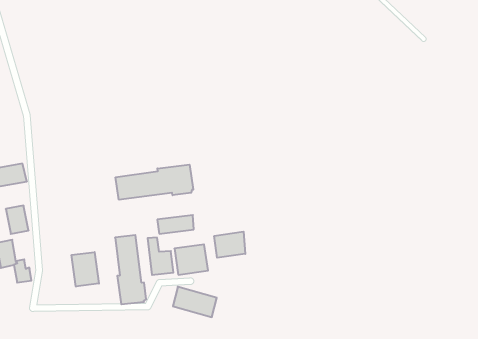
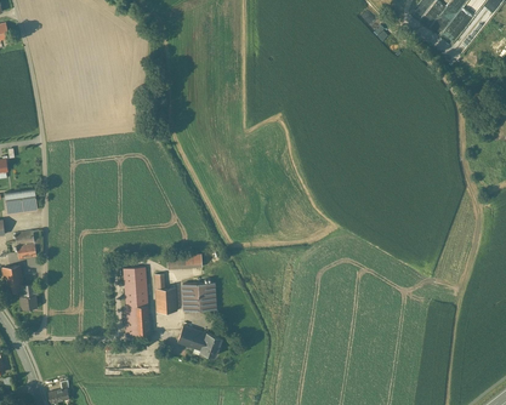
building: [116,165,193,200] -> none
building: [214,232,245,258] -> none
building: [72,252,99,287] -> none

